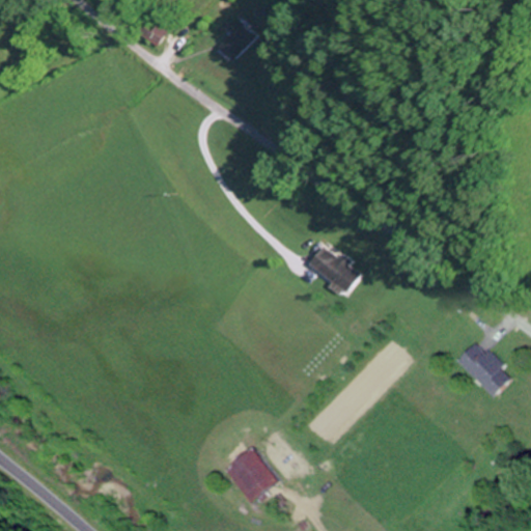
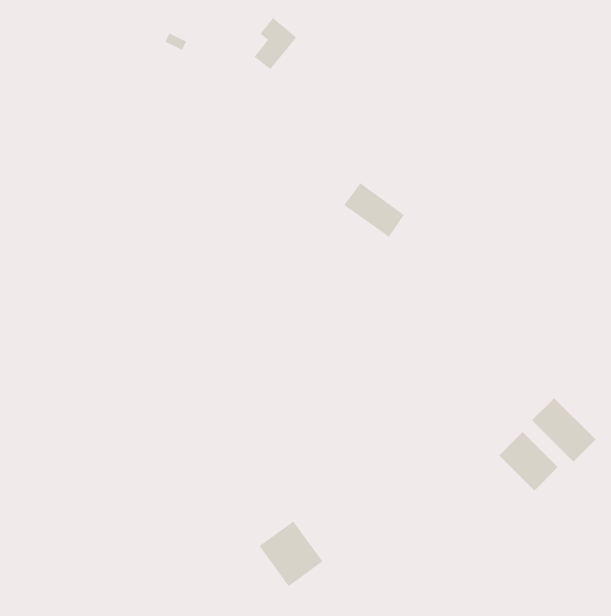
building: [306,245,359,292] -> [343,182,405,238]
building: none -> [498,431,559,491]

